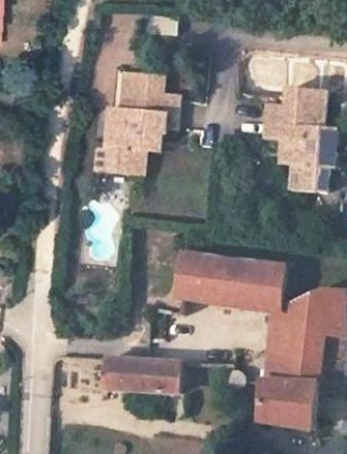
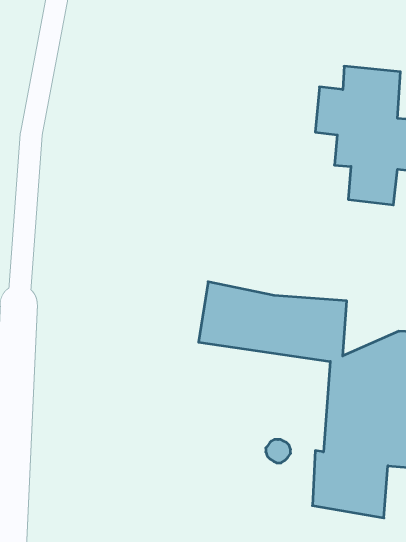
building: [103,71,179,174] -> none
building: [104,358,183,392] -> none

